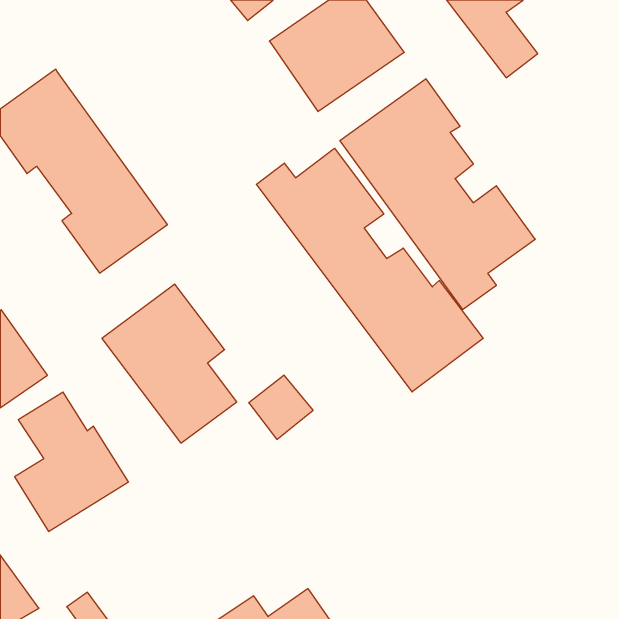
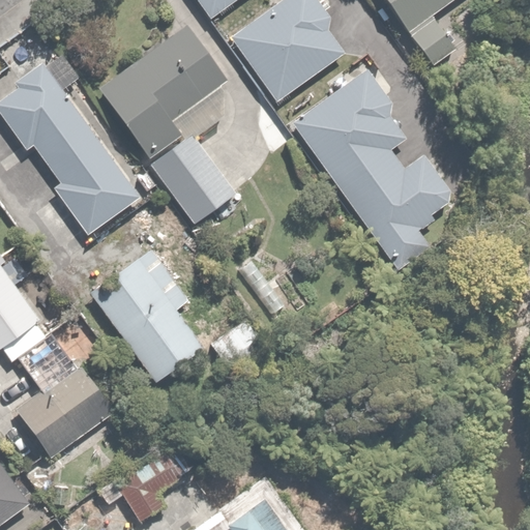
building: none -> [98,23,236,225]
building: [256,148,483,392] -> none
building: none -> [98,459,178,523]

